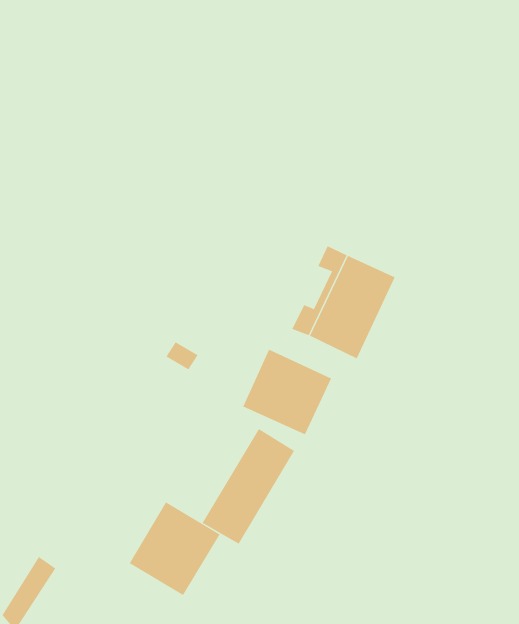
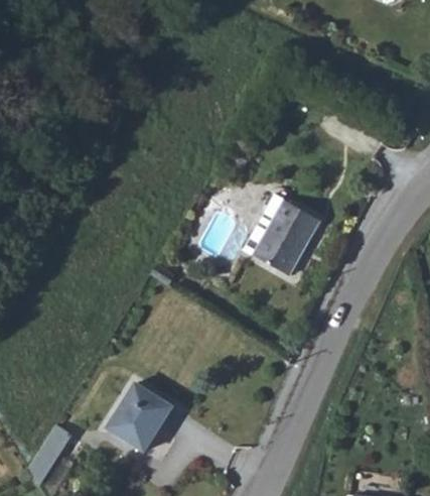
building: [243,349,332,435] -> none
building: [202,428,295,544] -> none

